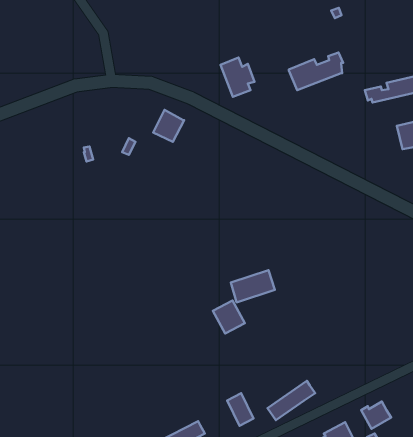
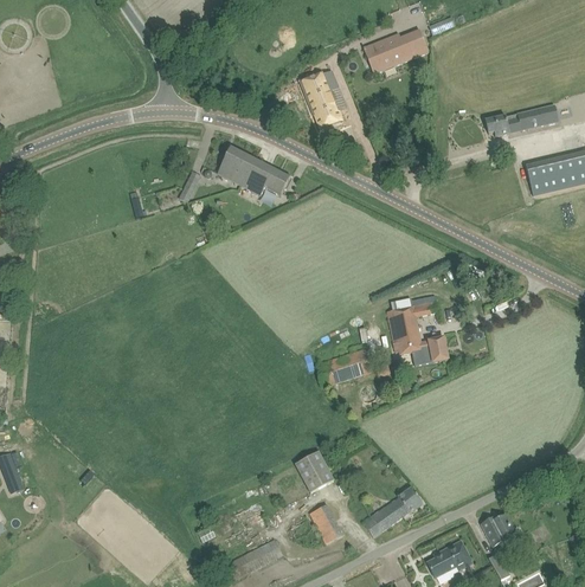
building: [289,53,343,90] -> [364,25,432,72]
building: none -> [242,157,290,194]
building: none -> [386,301,448,362]
building: [213,301,245,333] -> [294,451,334,492]

